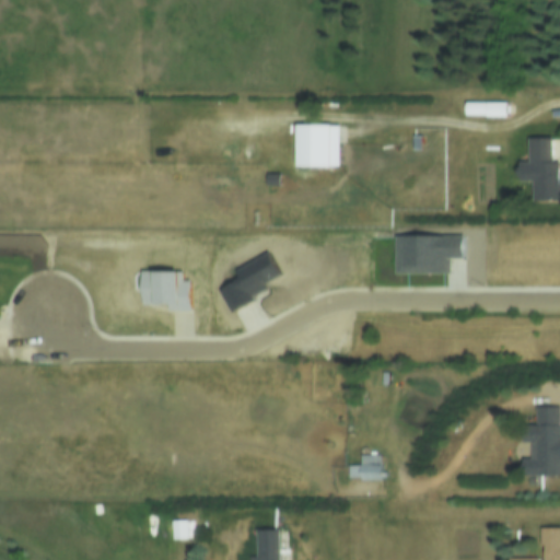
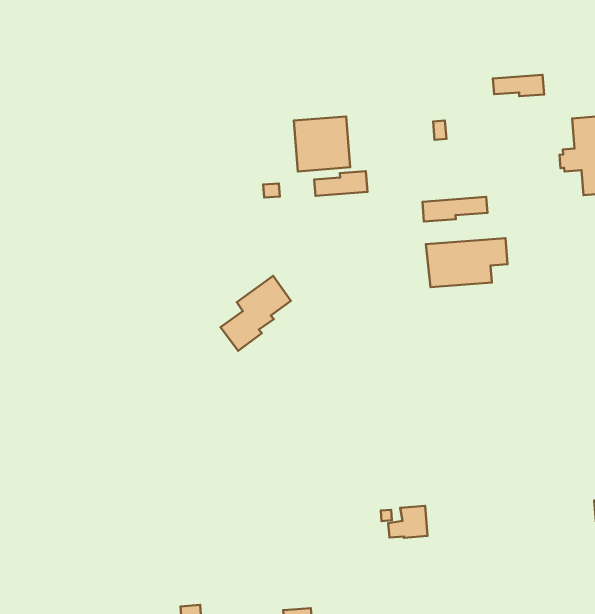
building: none -> [314,171,367,196]
building: none -> [422,197,487,222]
building: [144,270,195,307] -> none

